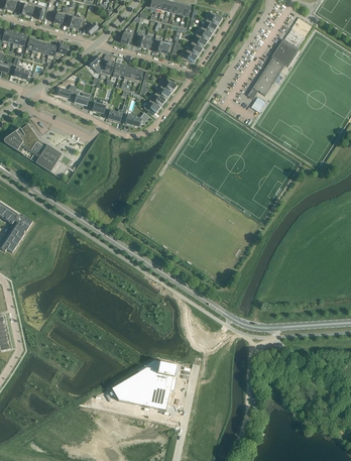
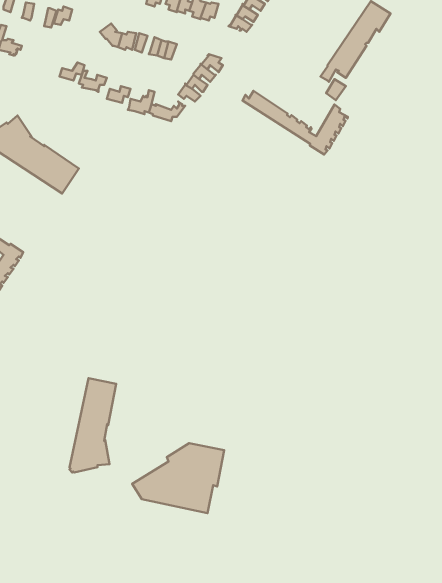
building: none -> [243,91,348,155]
building: none -> [69,378,116,472]

